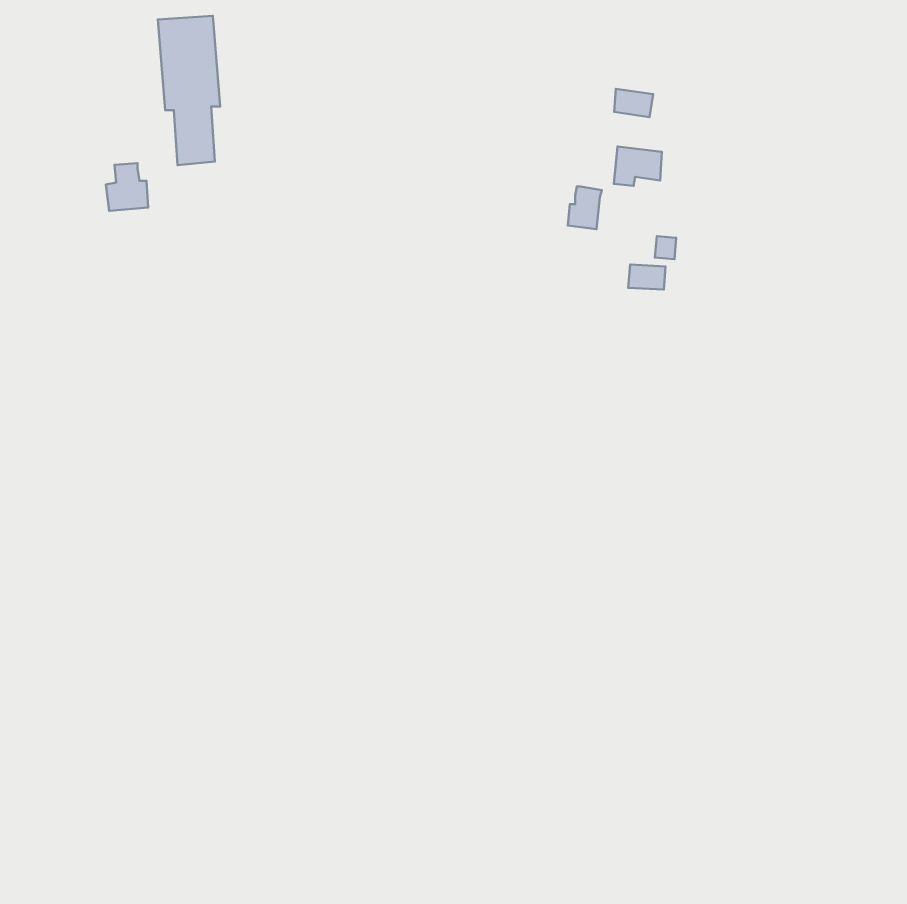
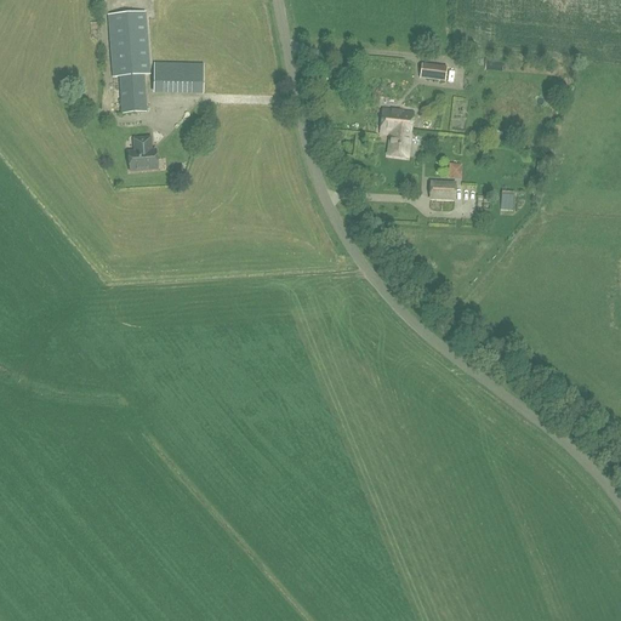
building: none -> [154,59,203,89]
building: [614,147,662,186] -> [380,107,412,133]
building: [106,163,148,211] -> [129,137,158,170]

